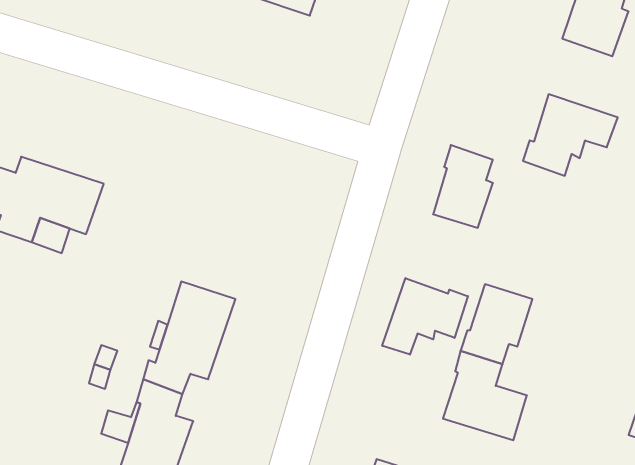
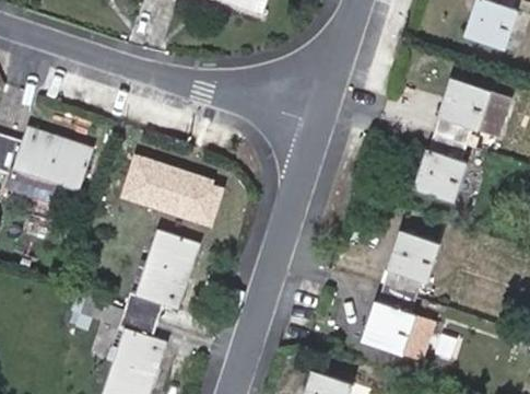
building: [433,145,493,228] -> [417,132,466,199]
building: none -> [122,155,227,222]
building: [382,278,468,355] -> none

